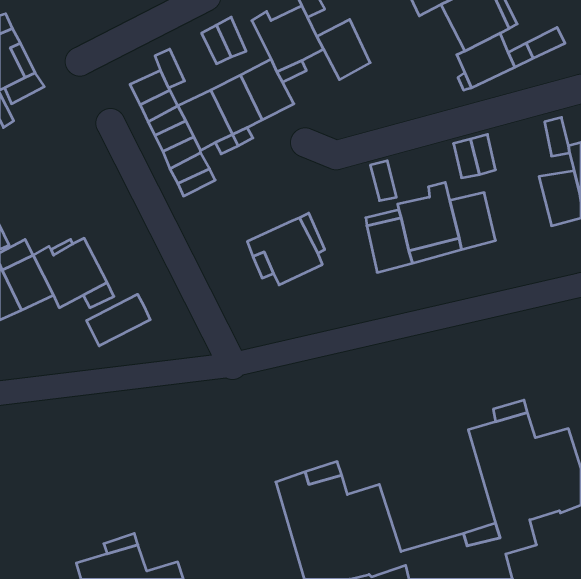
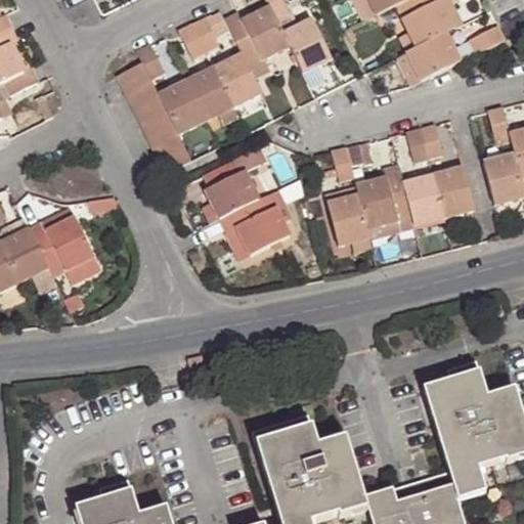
building: none -> [210,147,268,217]
building: none -> [435,165,475,216]
building: [87,294,150,346] -> none

